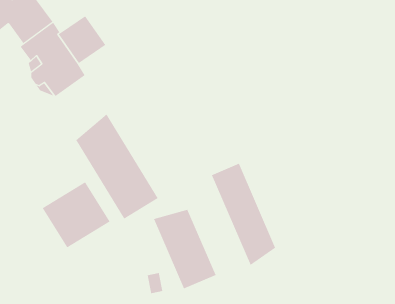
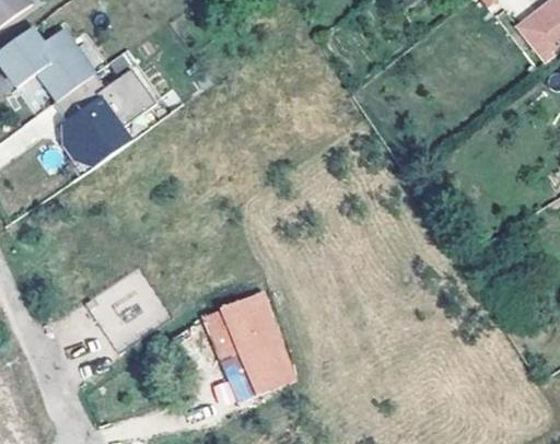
building: [76,113,159,219] -> none
building: [211,163,276,266] -> none

